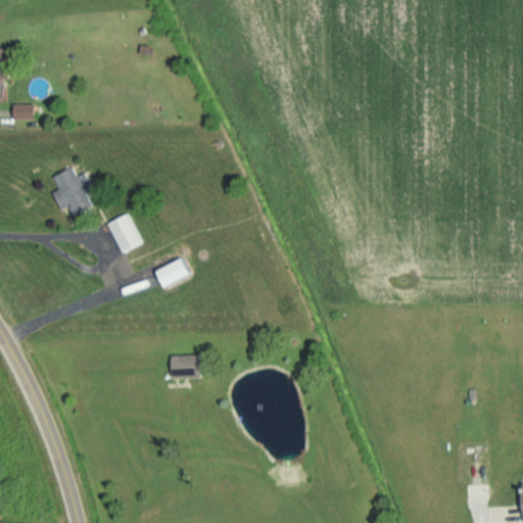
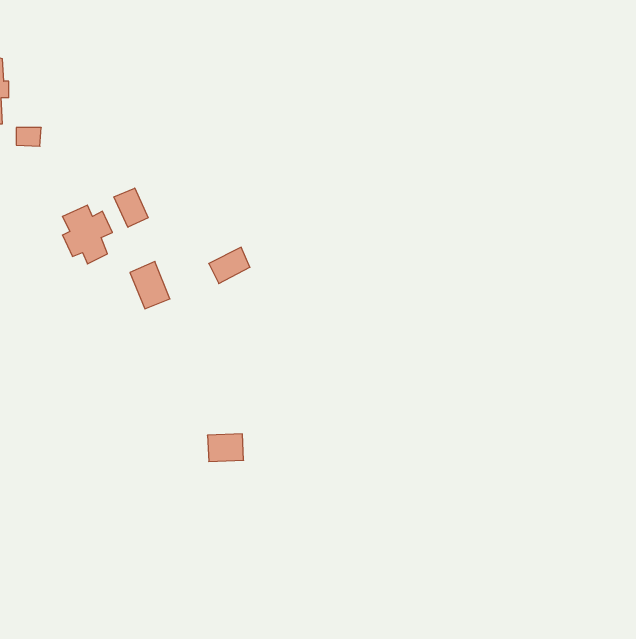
building: none -> [114,188,148,227]
building: [156,257,190,287] -> [209,247,250,284]

